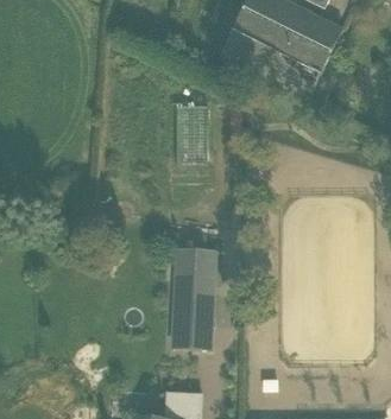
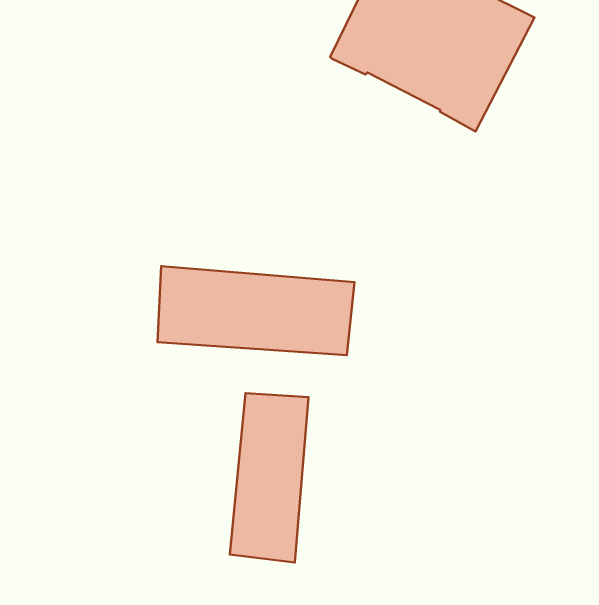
building: none -> [158,266,354,355]

